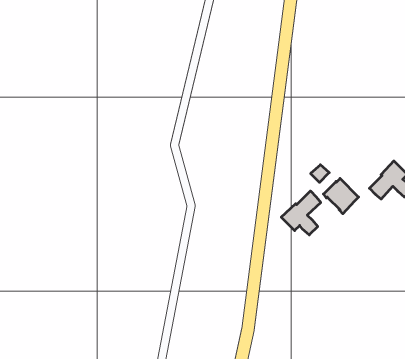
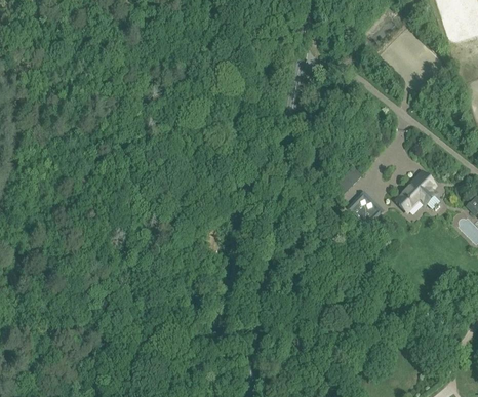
building: [281,191,321,235] -> none

